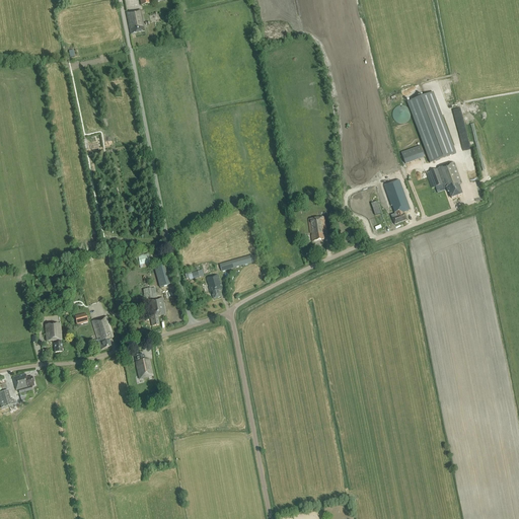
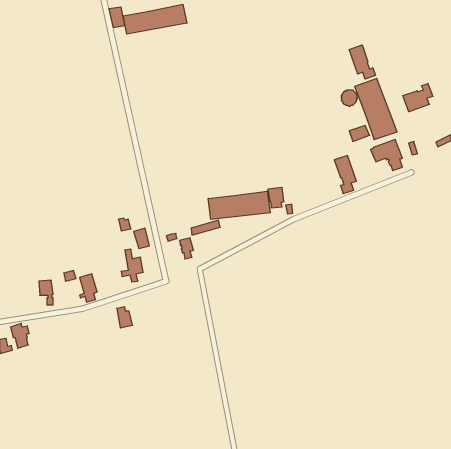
building: none -> [123,4,187,34]
building: none -> [349,45,376,79]
building: none -> [403,83,433,112]
building: none -> [208,191,270,219]

